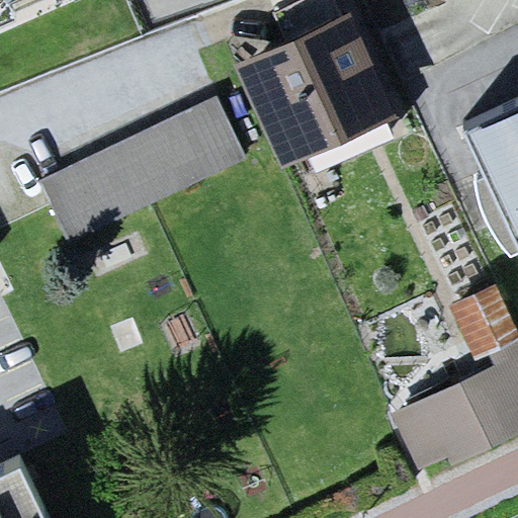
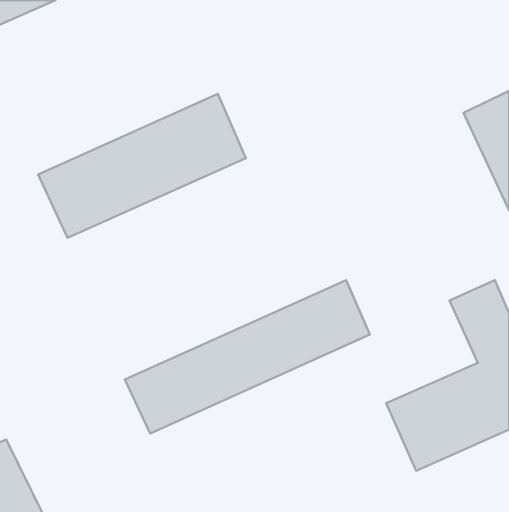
building: [239,9,406,172] -> none
building: none -> [125,280,370,434]

